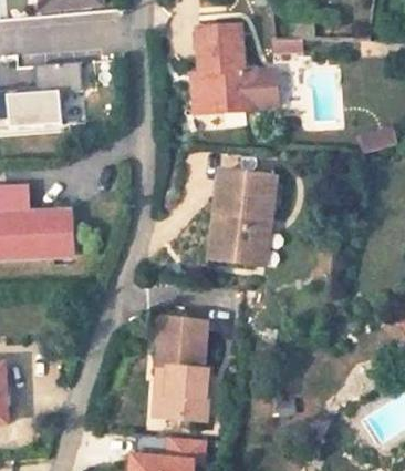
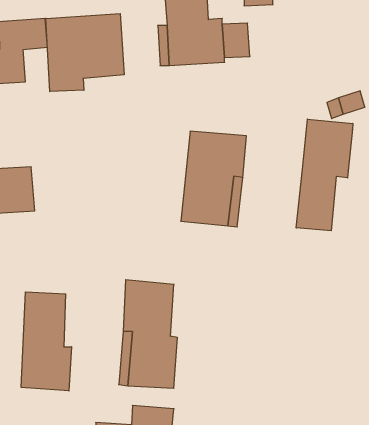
building: none -> [46,14,124,92]
building: none -> [296,119,353,231]
building: none -> [21,292,72,391]

